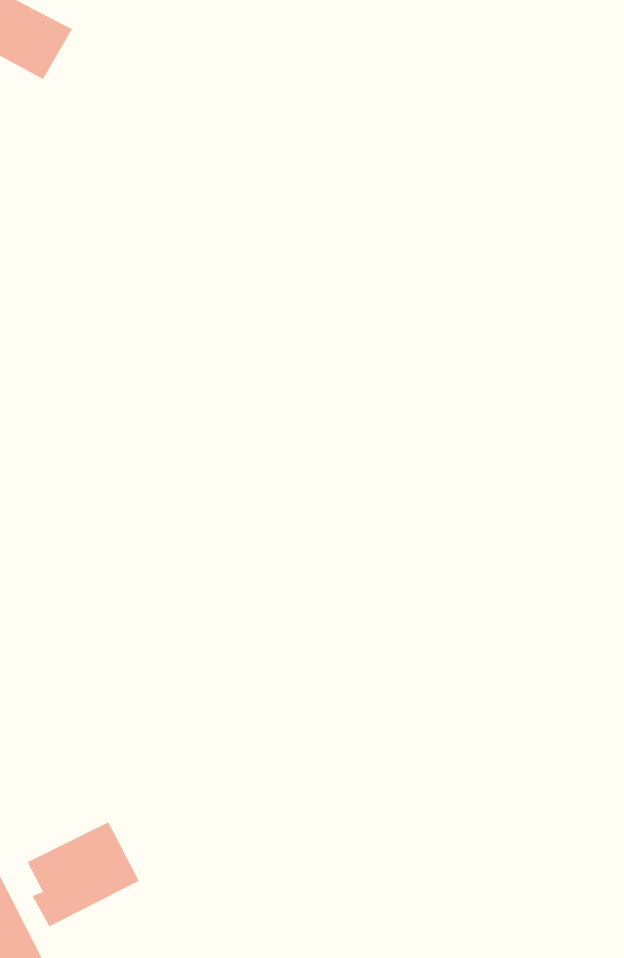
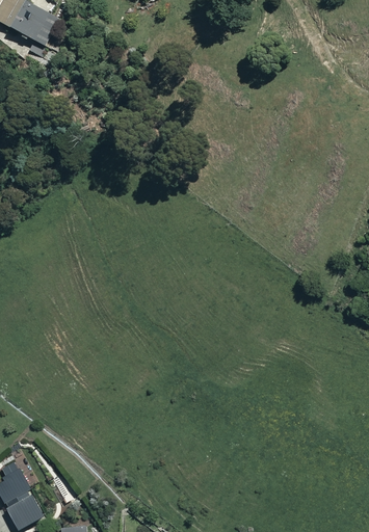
building: [27,822,140,927] -> none

